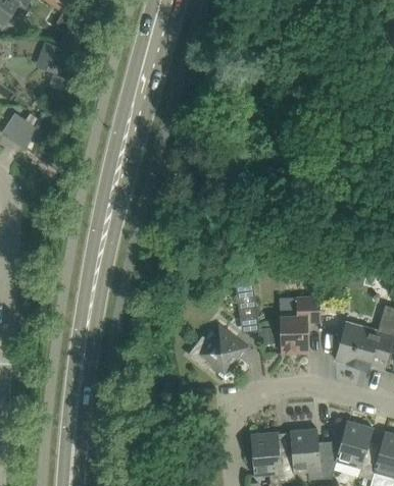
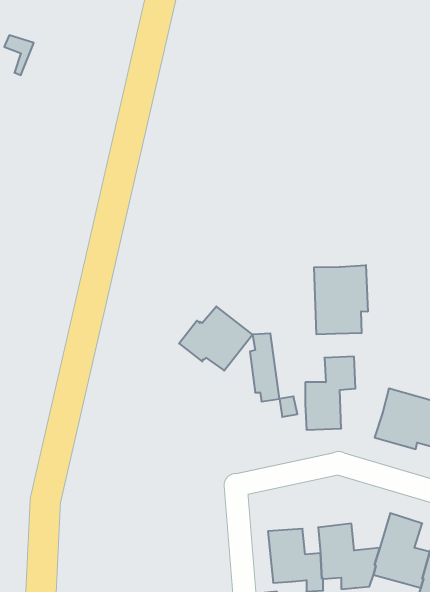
building: none -> [314,265,368,334]
building: [190,325,248,376] -> [179,306,252,371]

